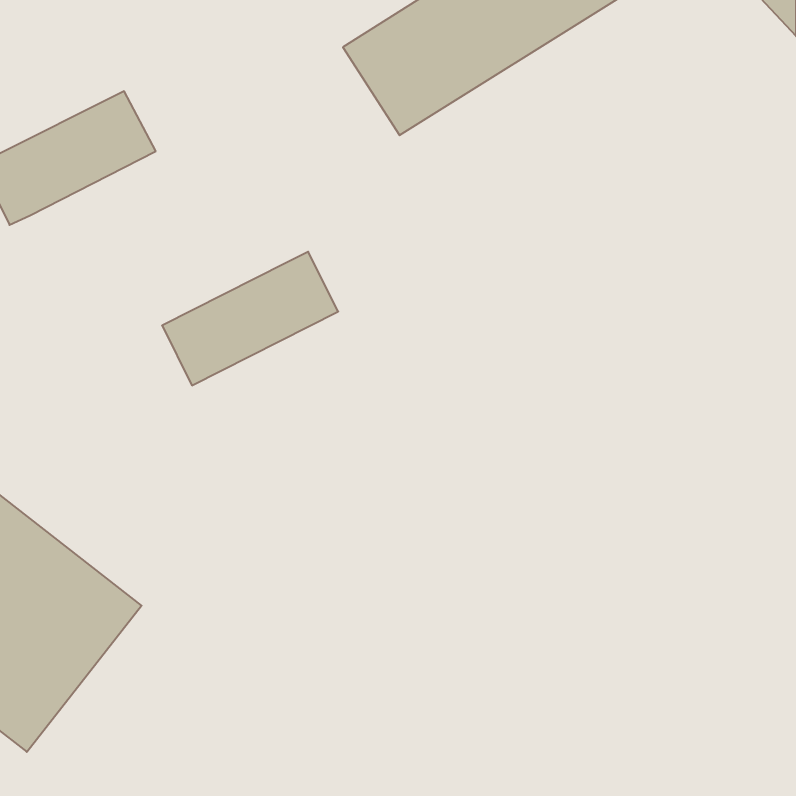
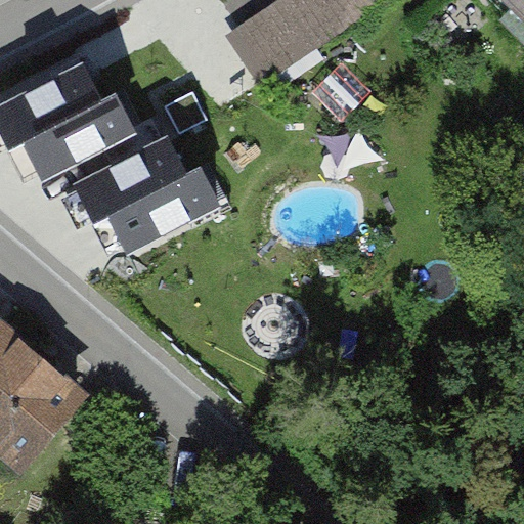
building: none -> [19,92,134,179]
building: none -> [72,131,186,219]

